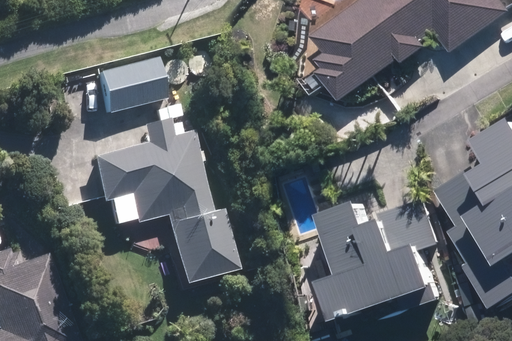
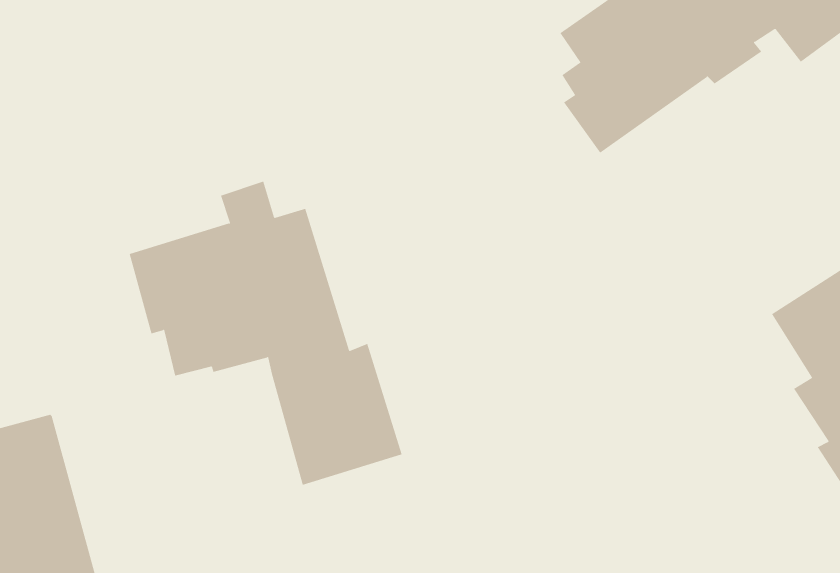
building: [84,57,156,115] -> none
building: [319,197,439,326] -> none

